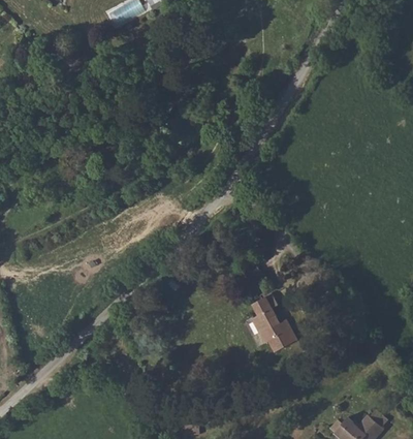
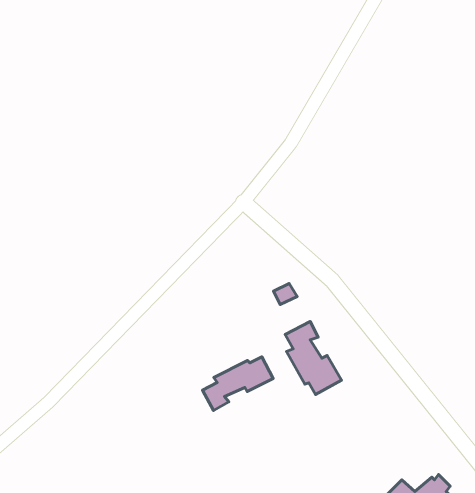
building: none -> [202,357,273,410]

